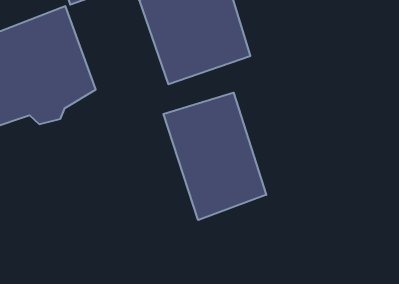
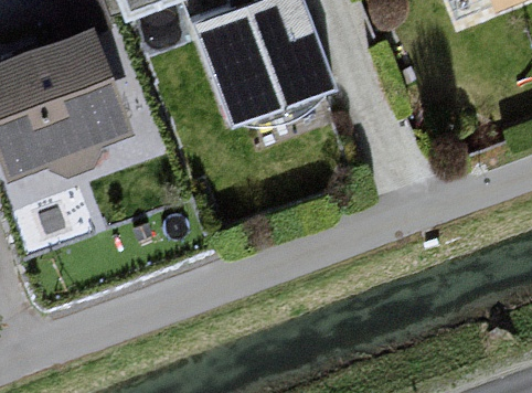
building: [163,93,266,220] -> none

